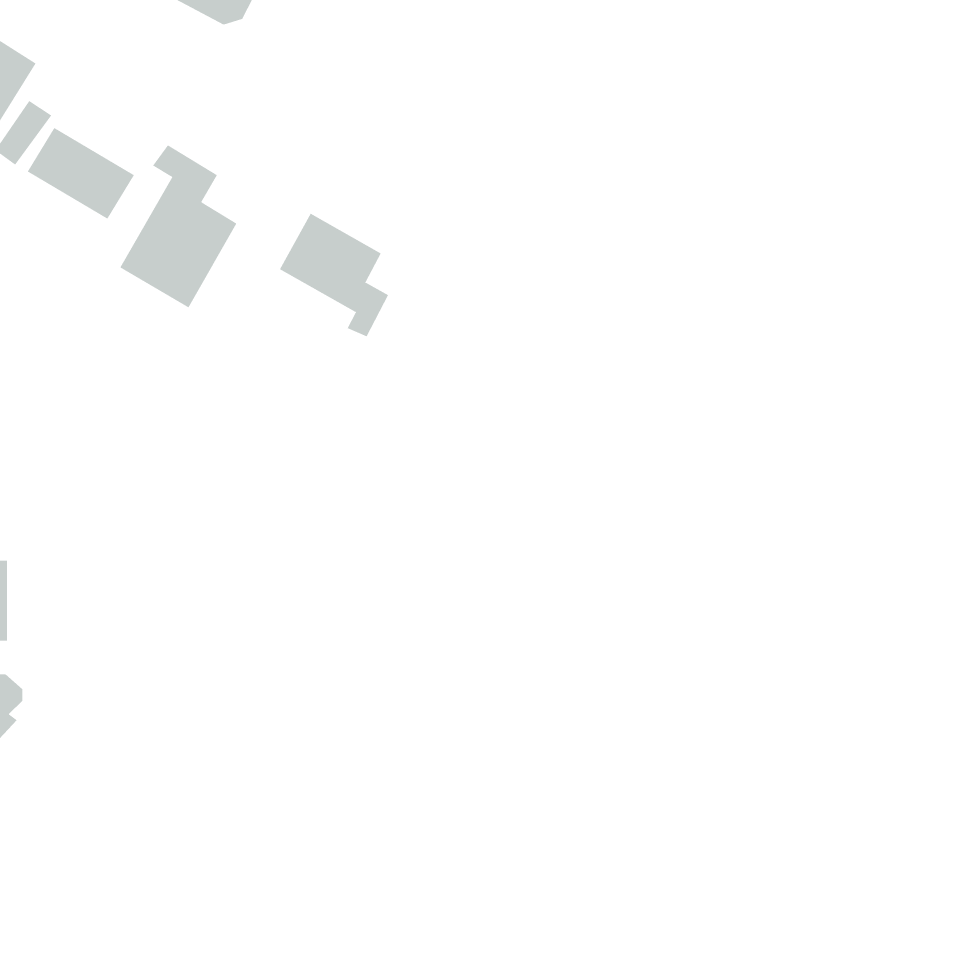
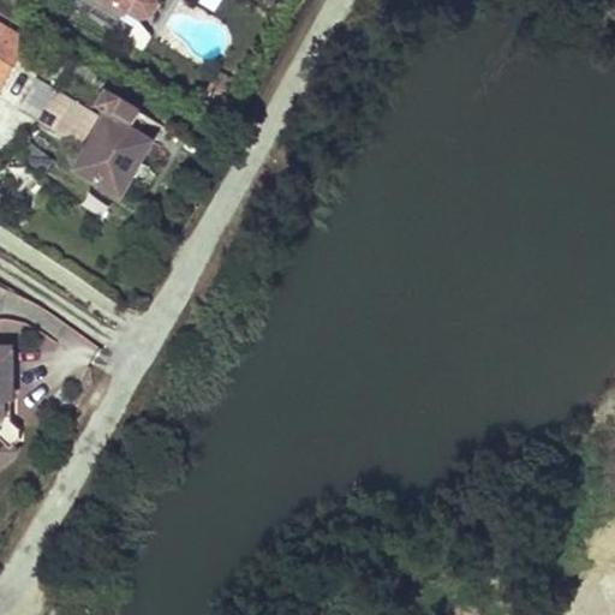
building: [279,213,389,337] -> none

